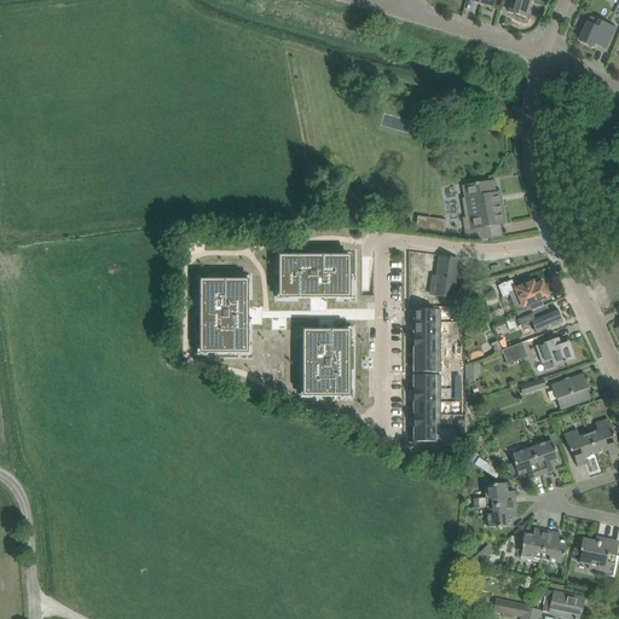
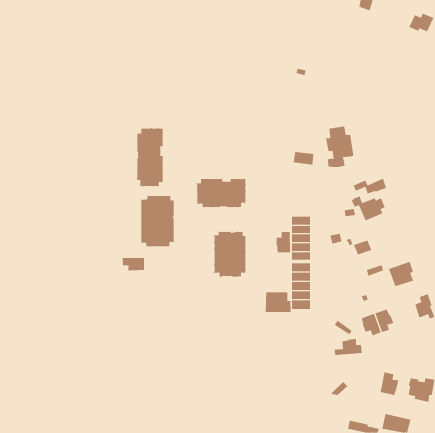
building: none -> [136,127,164,188]
building: [430,255,458,296] -> none
building: [514,306,562,329] -> [353,178,387,194]
building: none -> [276,231,290,253]
building: [537,337,574,368] -> none
building: none -> [122,257,144,271]
building: none -> [265,291,291,313]
building: [563,428,595,464] -> none
building: [487,502,516,526] -> none
building: [521,526,545,557] -> none

